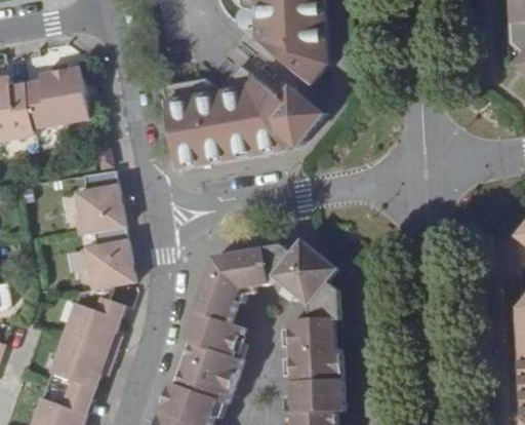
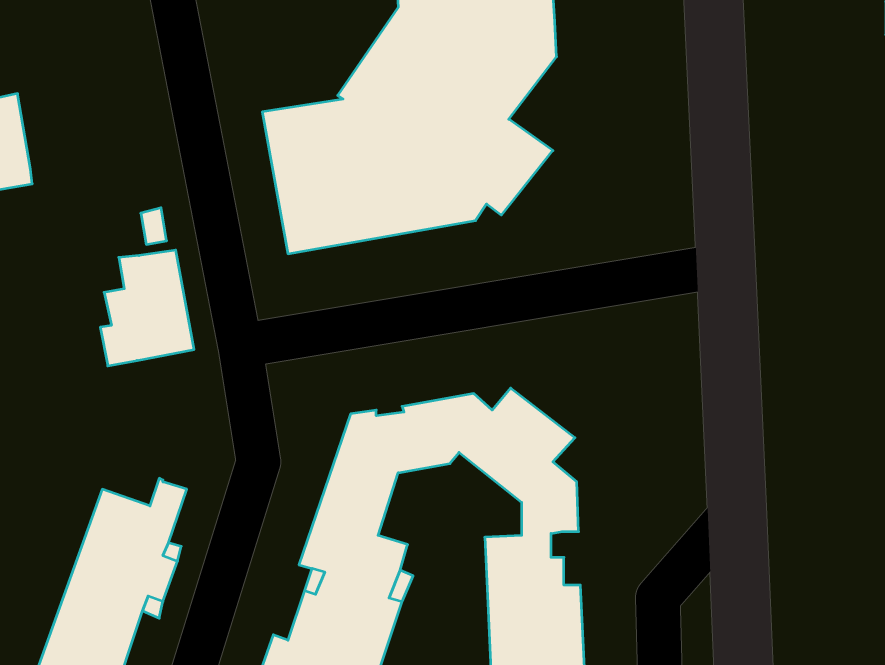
building: [28,61,90,121] -> none
building: [81,222,136,286] -> none

